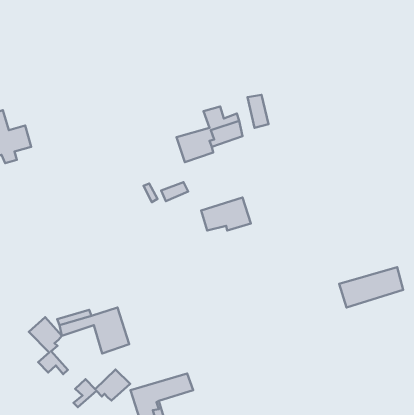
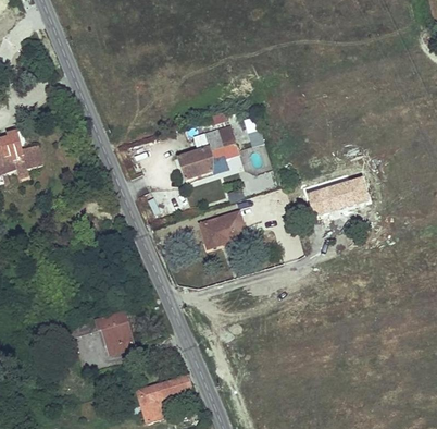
building: [339,267,403,308] -> [308,179,366,216]
building: [29,317,68,374] -> none
building: [74,369,130,407] -> none

